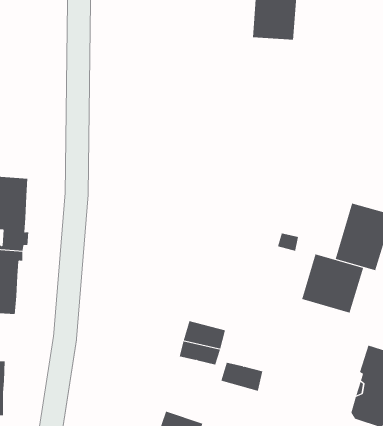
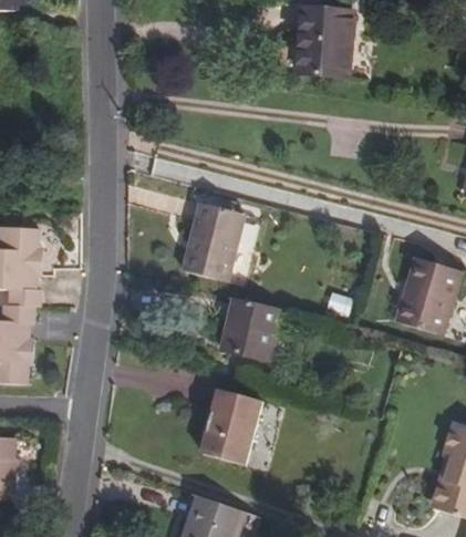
building: none -> [177,199,241,283]
building: none -> [224,298,280,360]
building: [302,253,364,314] -> none
building: [220,362,263,391] -> [209,433,258,466]

